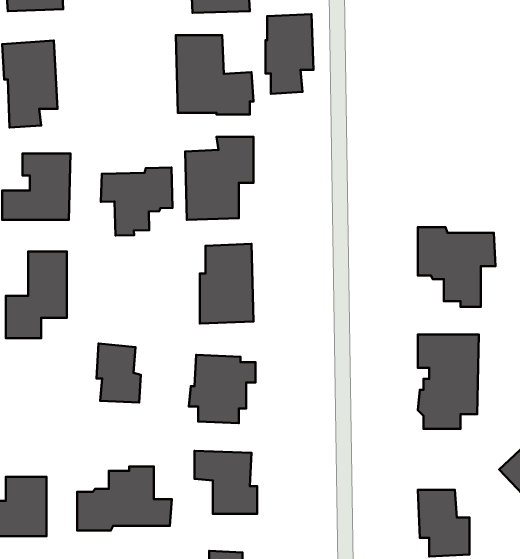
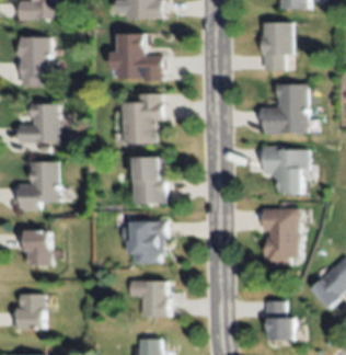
building: [265,14,313,94] -> [264,21,292,68]
building: none -> [260,81,309,134]
building: [101,167,173,236] -> none
building: [97,343,141,403] -> [24,230,50,265]
building: [77,466,172,530] -> none

